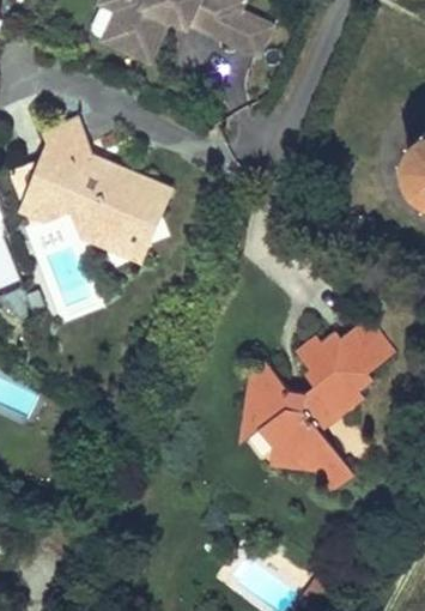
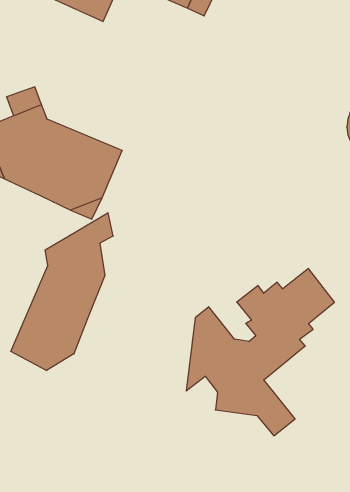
building: none -> [11,213,113,371]

